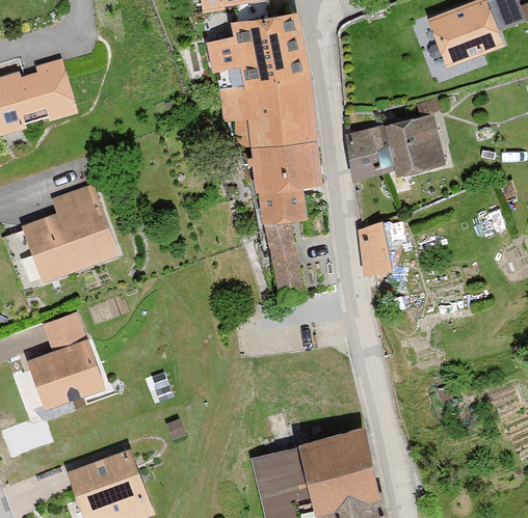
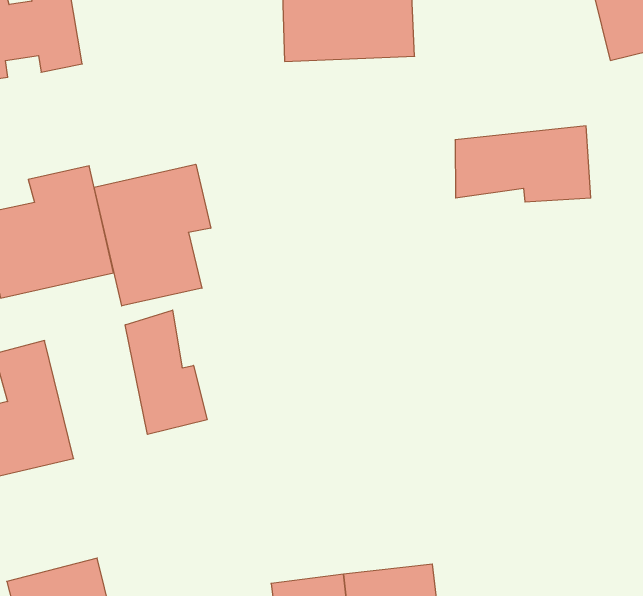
building: [219,79,321,288] -> none
building: none -> [94,164,211,306]
building: [359,219,390,272] -> none
building: none -> [125,310,207,434]

